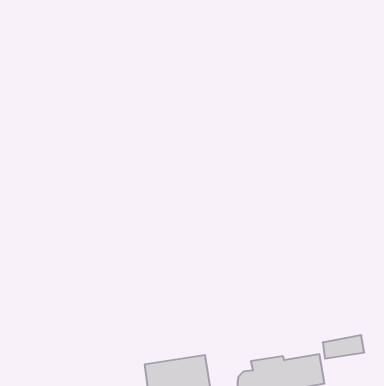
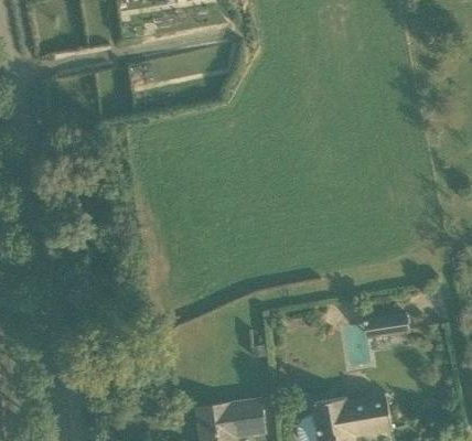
building: [323,335,364,359] -> [364,313,409,338]

